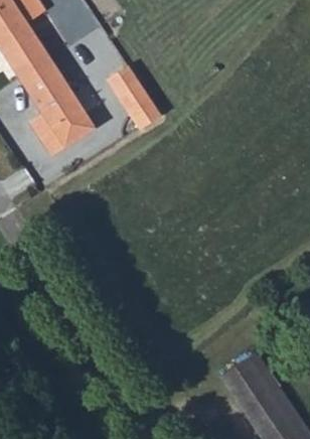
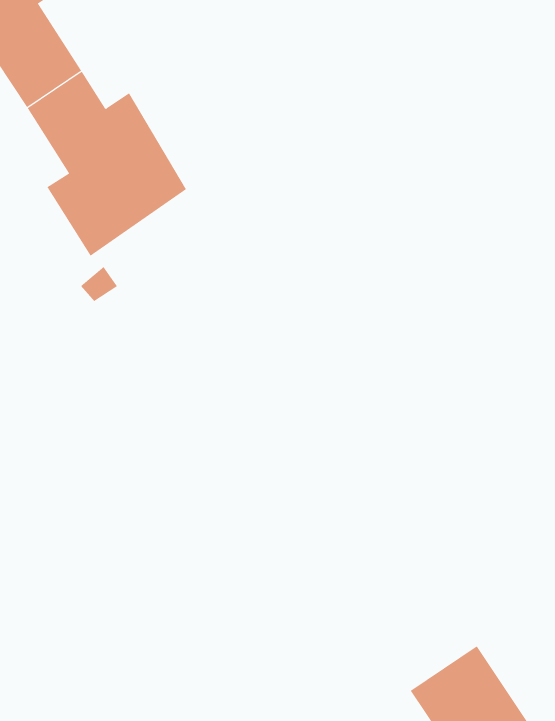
building: [106,72,154,130] -> none

